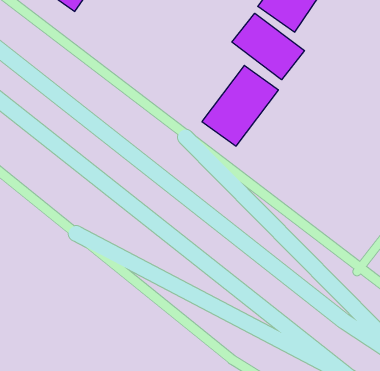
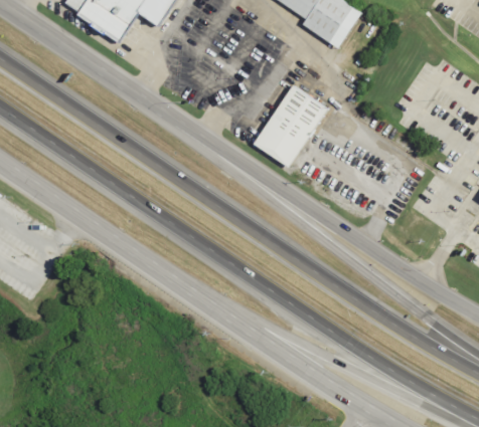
building: [232,13,304,80] -> none

